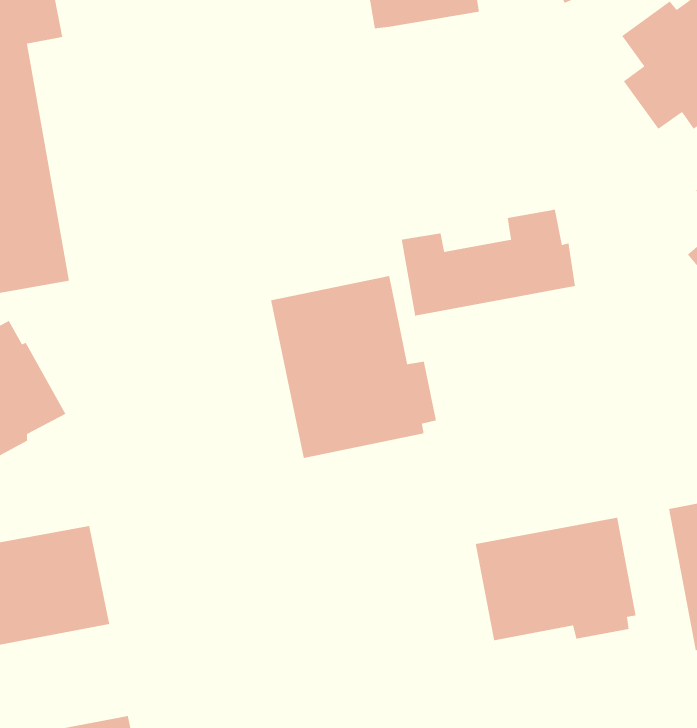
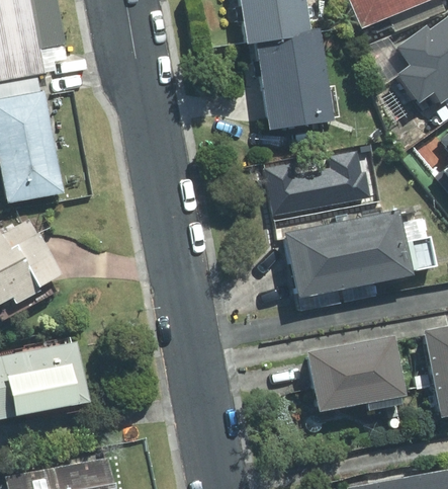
building: none -> [257,31,338,131]
building: [270,275,437,459] -> none
building: none -> [286,211,436,298]

